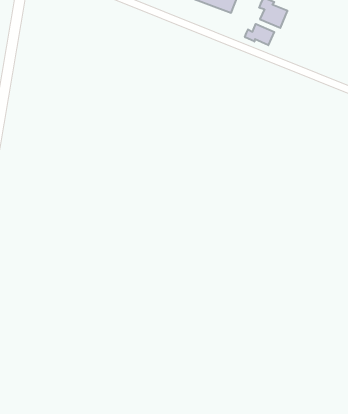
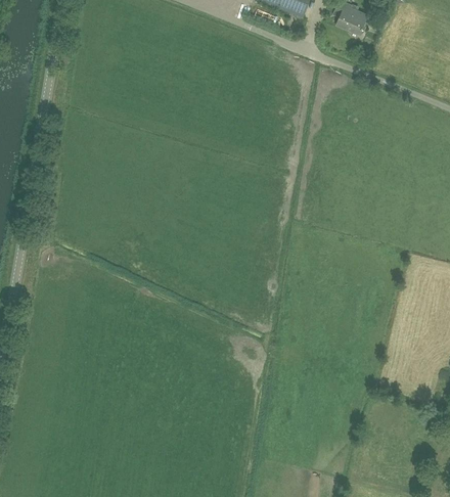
building: [245,24,274,45] -> none

